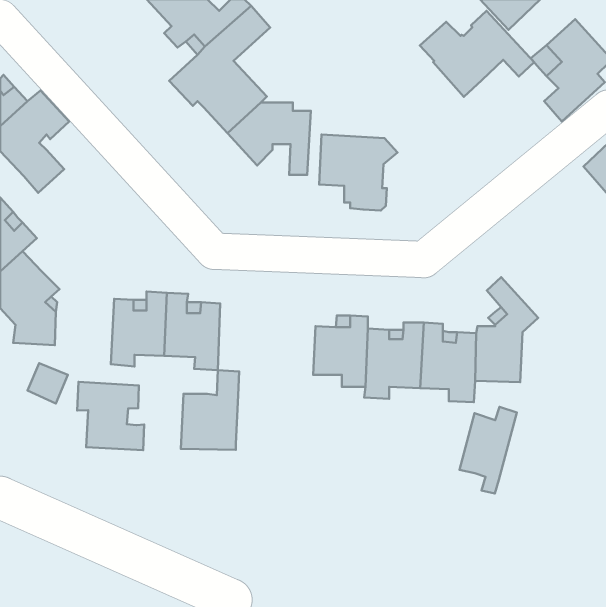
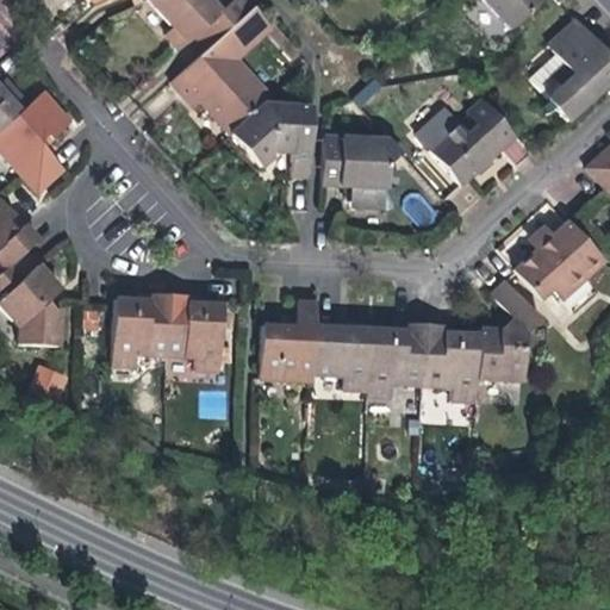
building: [420,11,534,97] -> [418,100,533,186]
building: none -> [513,220,603,299]
building: [181,370,239,450] -> [261,301,319,381]
building: [77,382,144,450] -> none
building: [460,407,517,493] -> none

